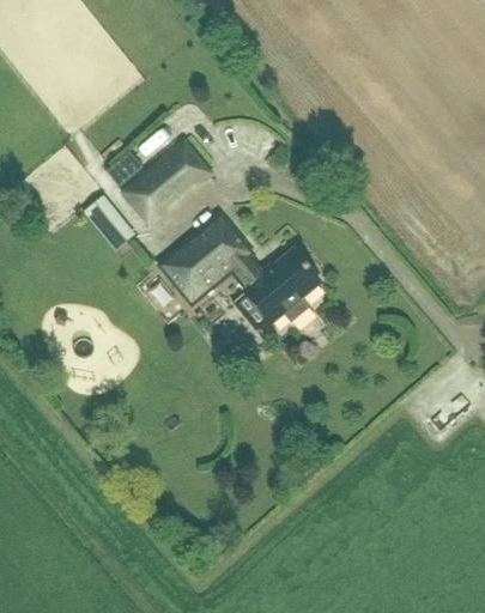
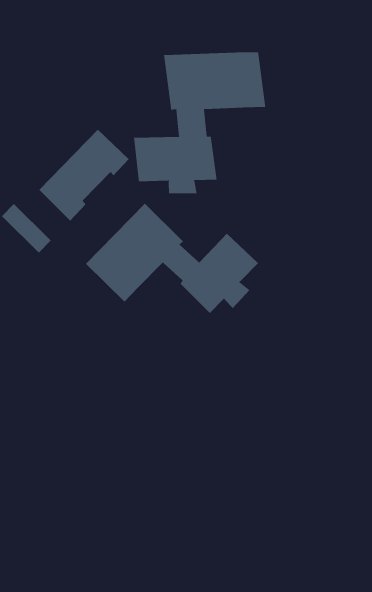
building: none -> [134,51,266,194]

